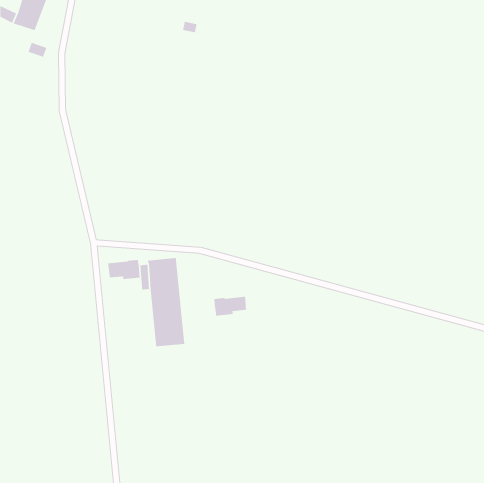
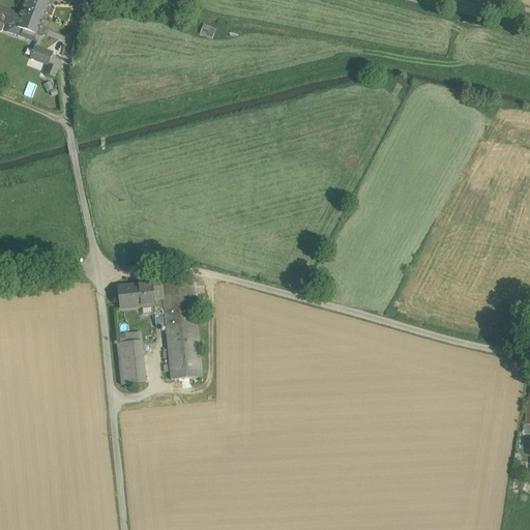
building: [214,296,247,316] -> none
building: none -> [116,341,145,384]

